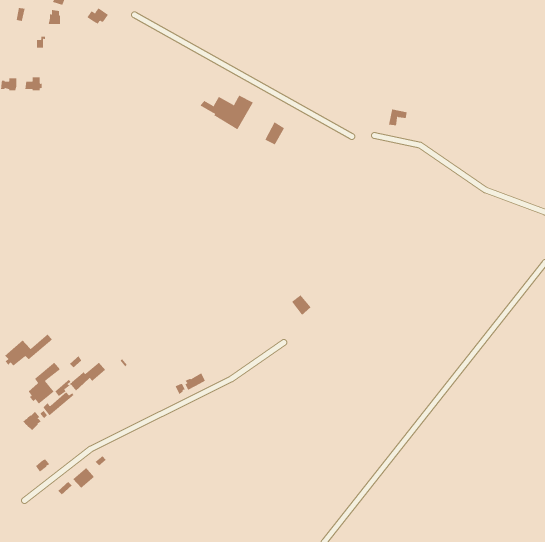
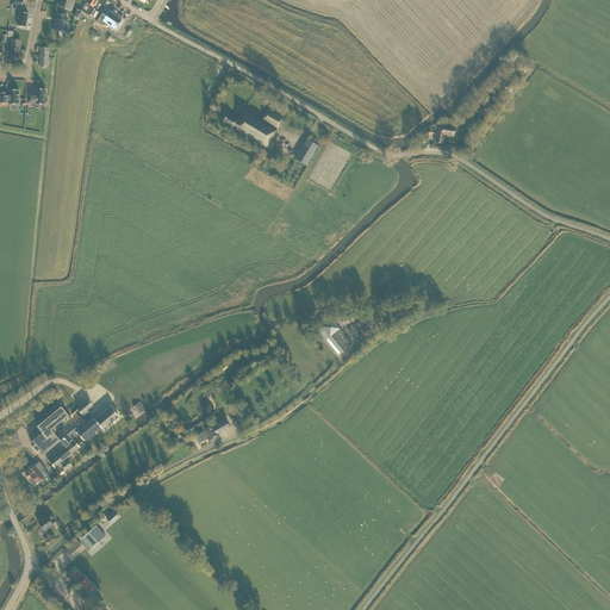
building: [4,333,53,367] -> none

